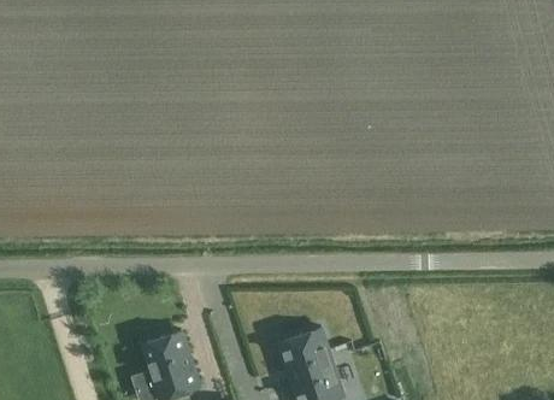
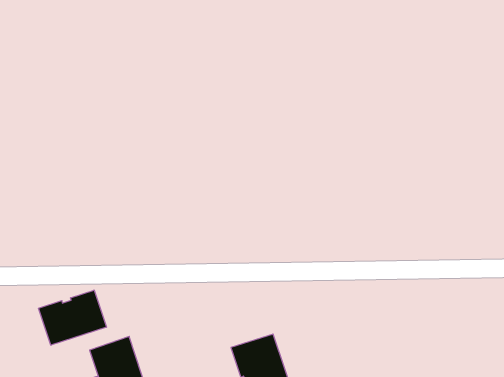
building: none -> [38,290,106,345]

